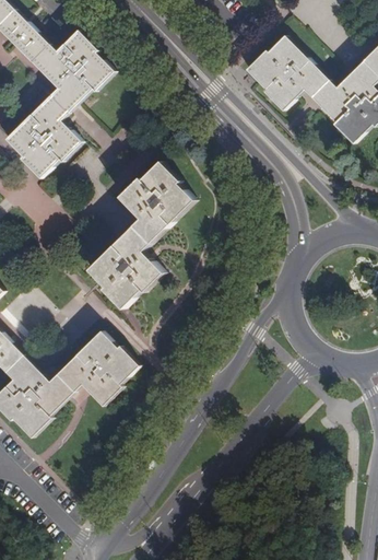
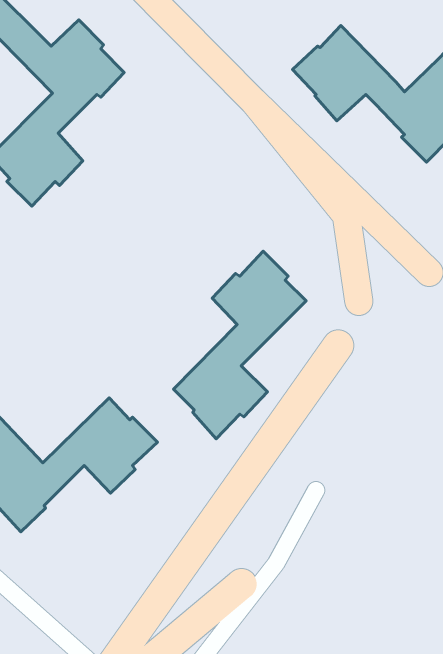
building: [88,161,193,310] -> [174,251,306,439]

